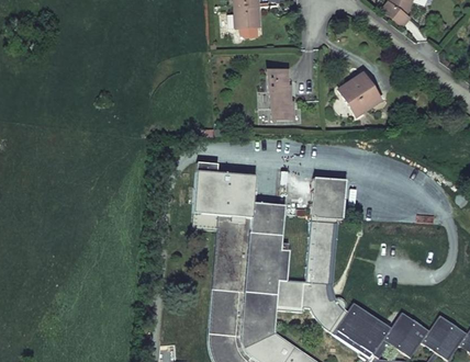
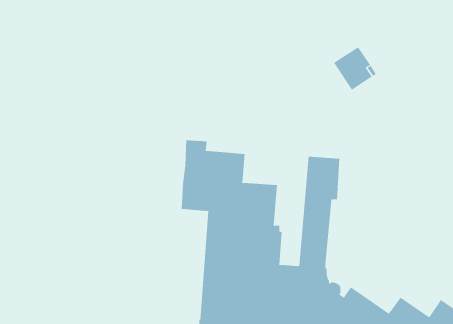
building: [267,69,293,120] -> none

